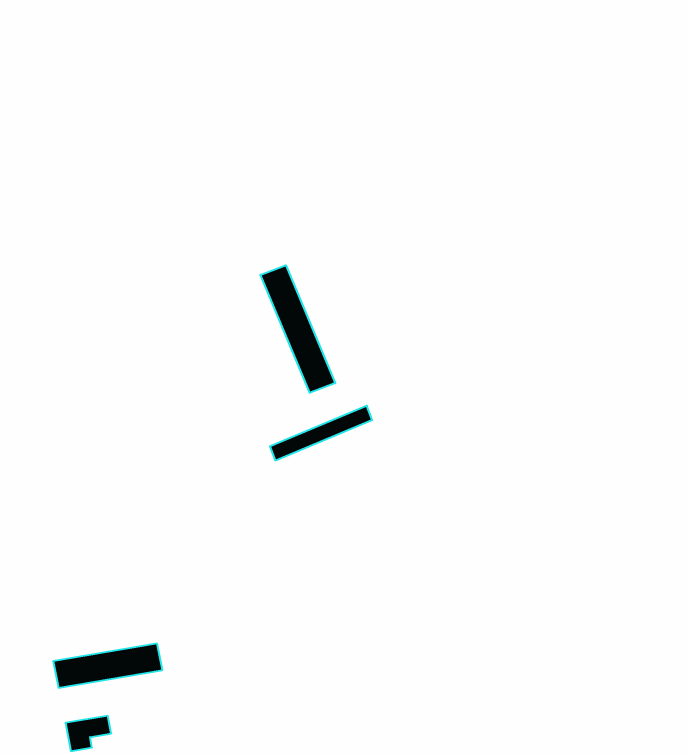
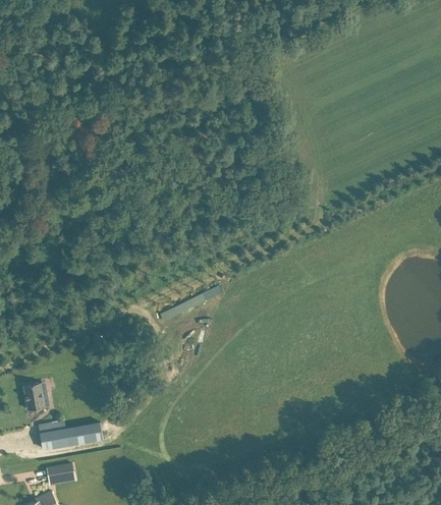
building: [260,265,335,393] -> none
building: none -> [23,382,50,409]

